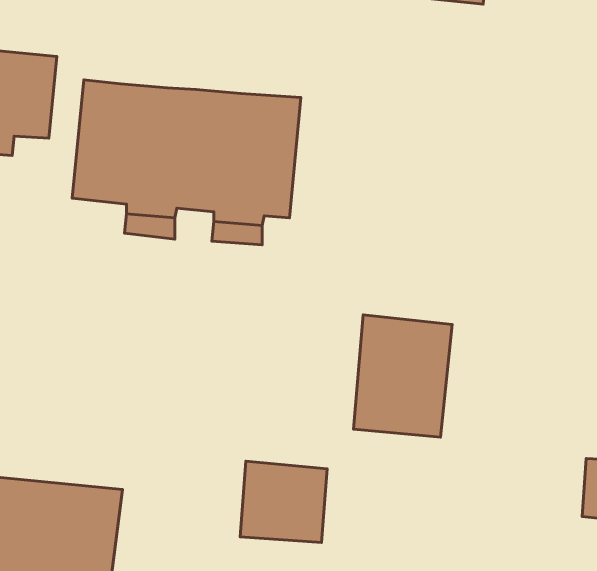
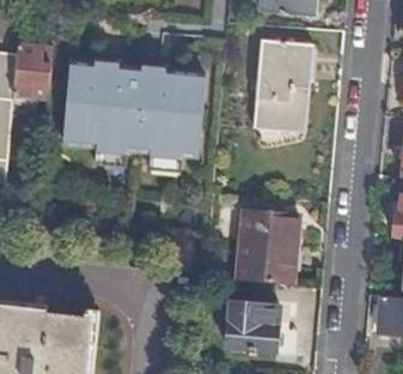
building: none -> [255,41,313,144]
building: [240,461,327,543] -> [226,301,280,351]

